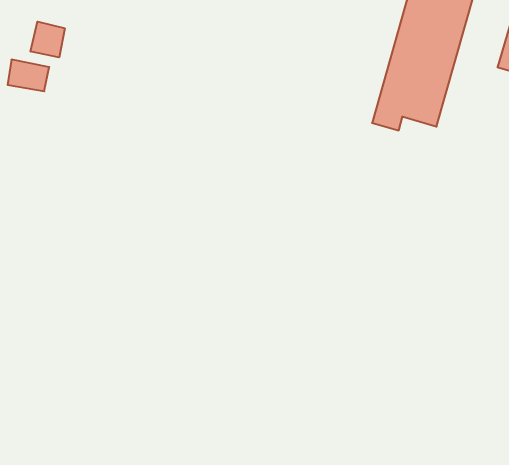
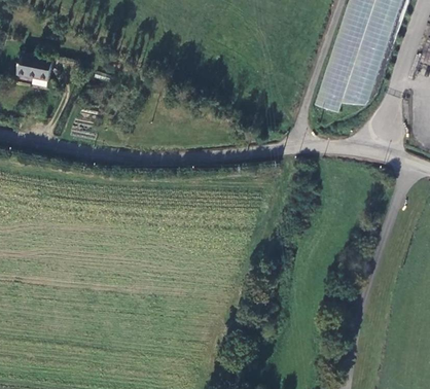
building: [31,22,65,57] -> none

